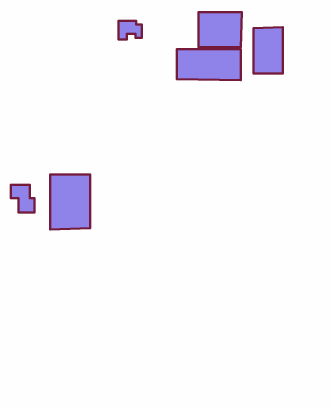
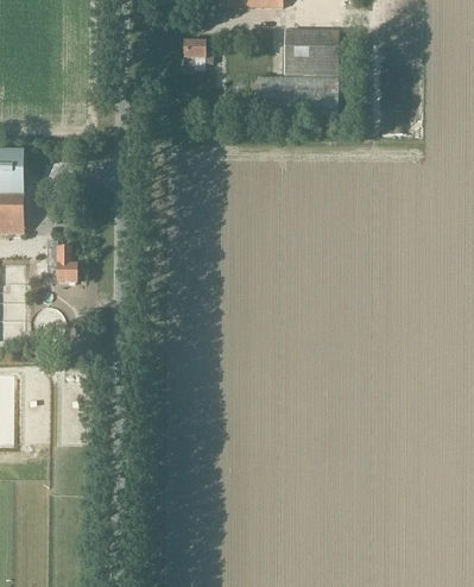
building: [253,27,283,73] -> none
building: [50,175,90,229] -> none

